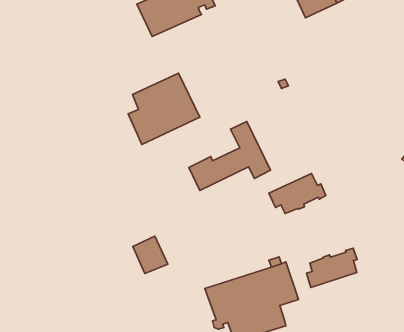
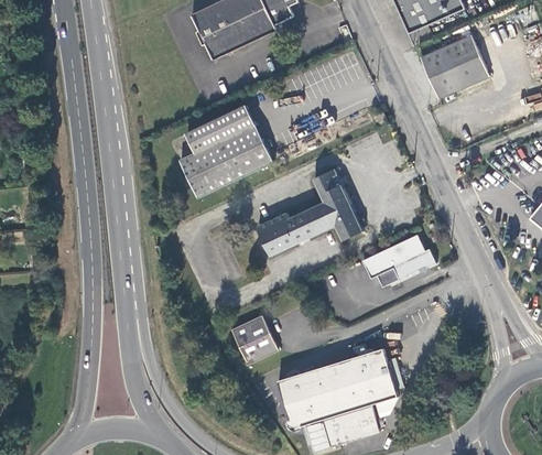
building: none -> [419,33,487,95]
building: [133,236,168,274] -> [232,315,278,364]
building: [307,248,357,287] -> none

